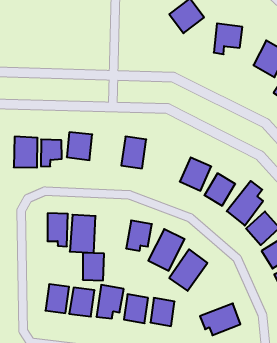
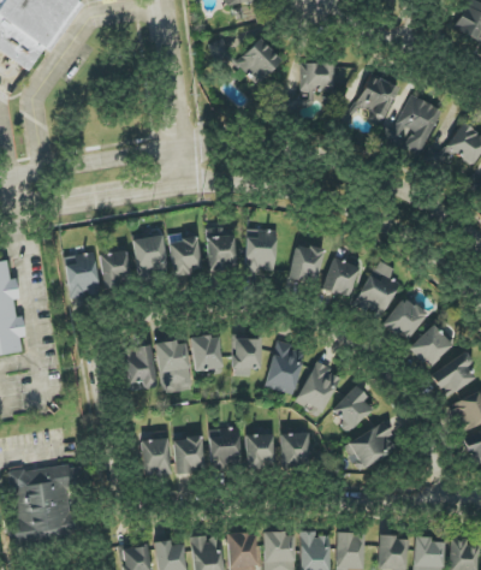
building: none -> [170,236,198,275]
building: none -> [244,228,275,272]
building: [83,253,104,280] -> [189,334,221,373]
building: none -> [329,386,370,431]

